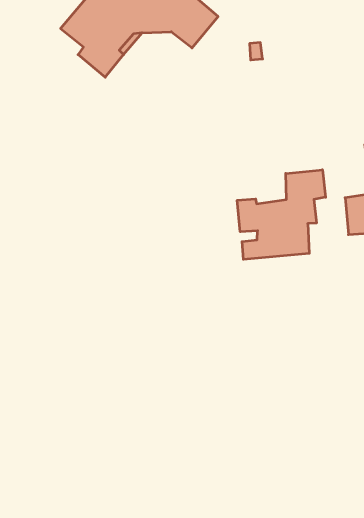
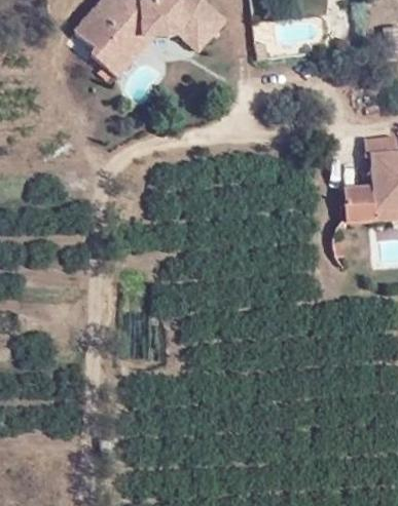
building: [237,170,326,259] -> none

